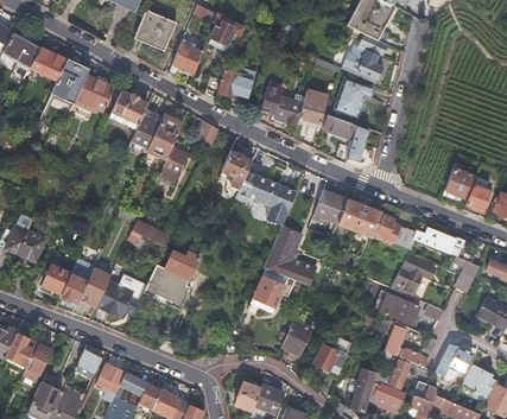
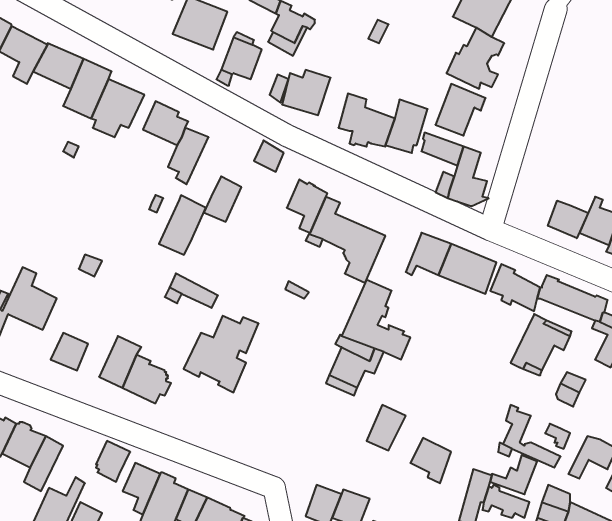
building: [146,113,182,158] -> [159,195,206,255]
building: none -> [548,201,588,238]
building: [59,259,94,305] -> none
building: [374,288,419,325] -> none

